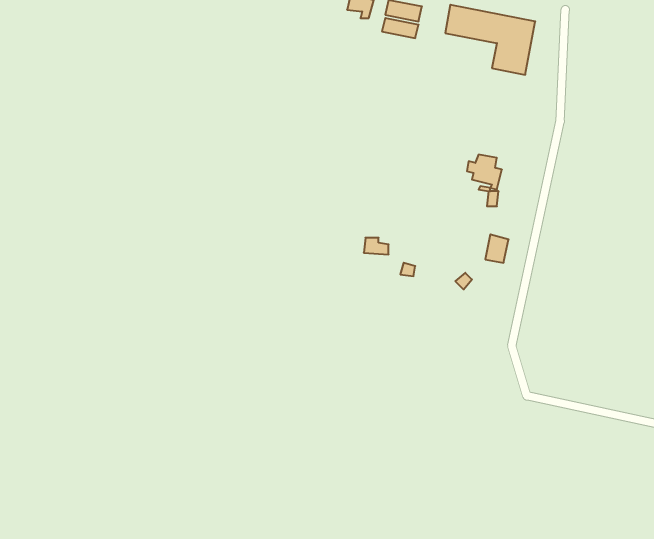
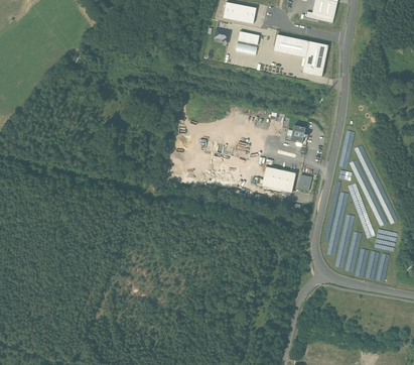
building: none -> [261,166,295,193]

